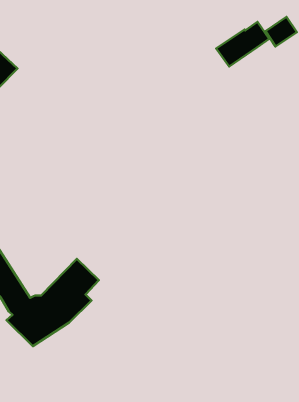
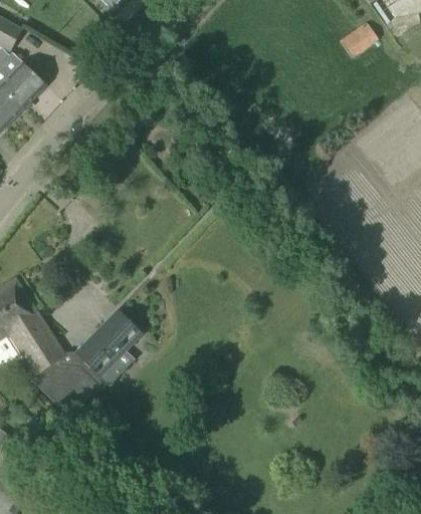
building: [216,22,269,66] -> none

